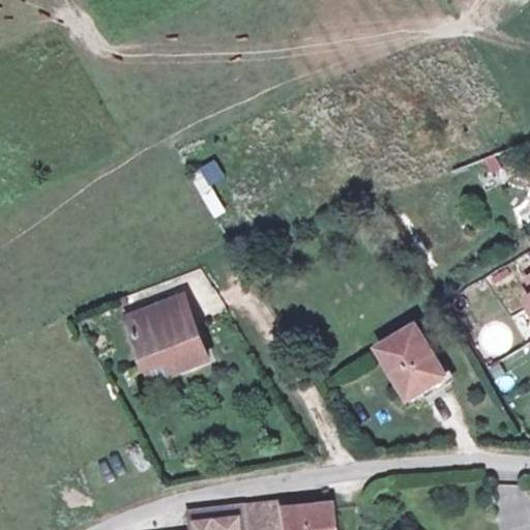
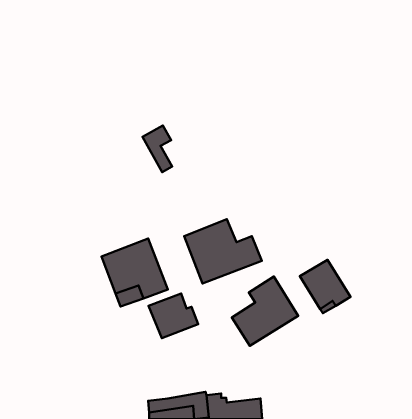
building: none -> [184,219,262,284]
building: none -> [232,276,298,346]
building: none -> [149,293,198,338]

